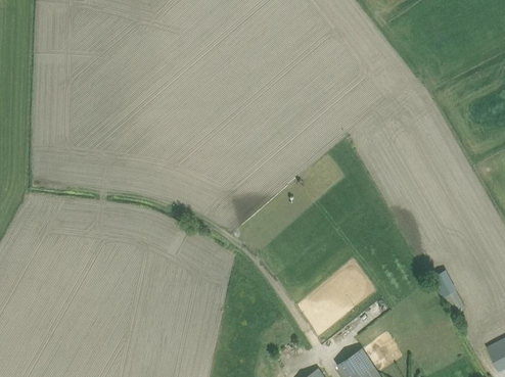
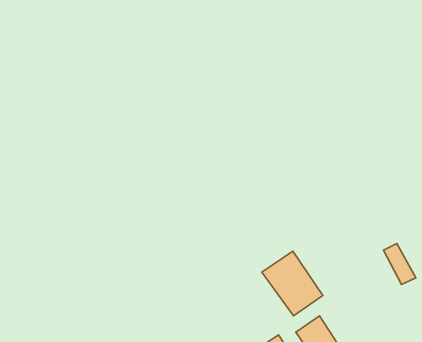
building: none -> [262,251,323,316]

